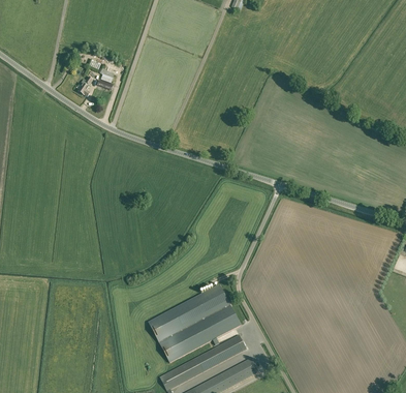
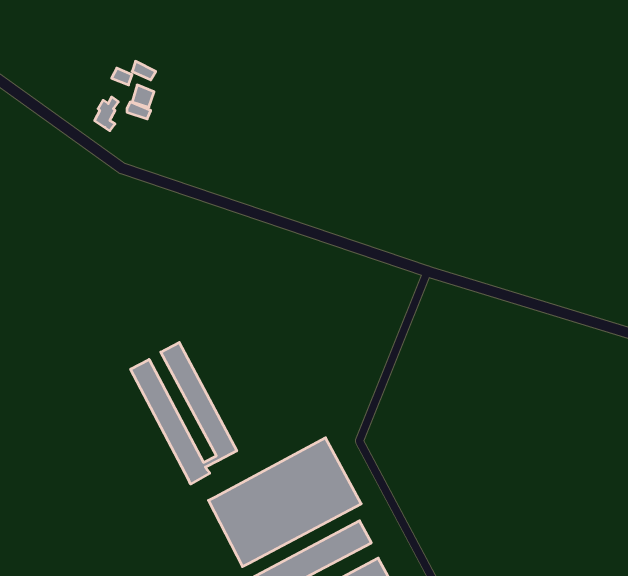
building: none -> [131,342,237,484]

